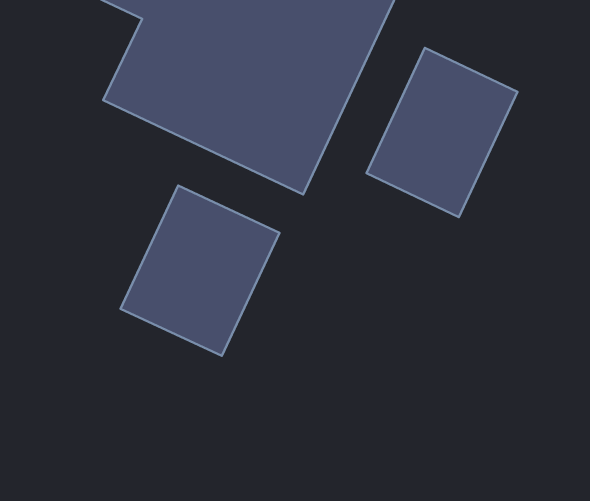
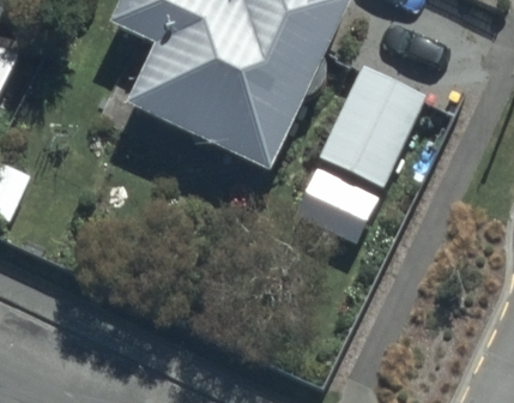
building: [120,186,279,356] -> none

